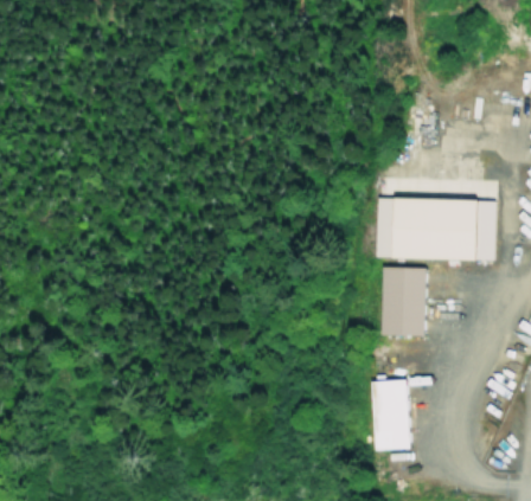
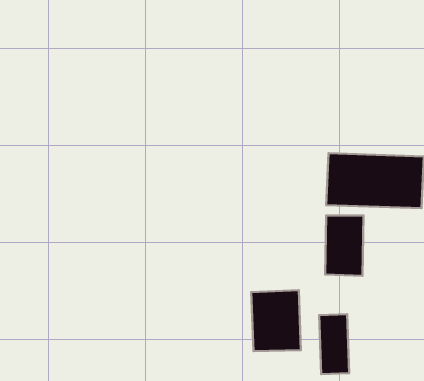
building: none -> [251,290,301,351]

